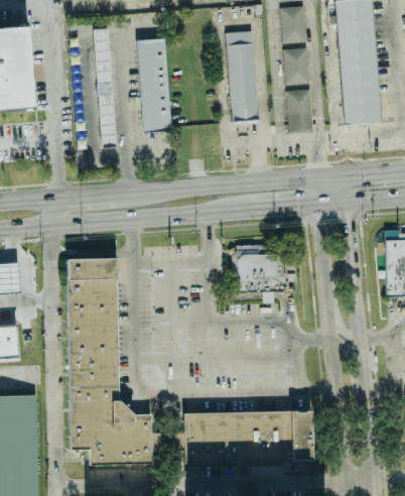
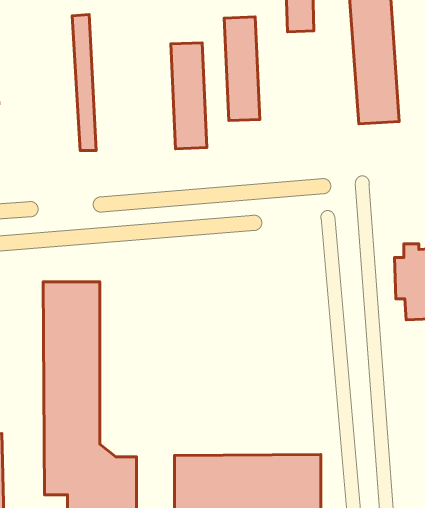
building: [139,37,170,130] -> [171,43,207,149]
building: [284,46,309,83] -> none
building: [287,88,314,132] -> none
building: [236,250,295,301] -> none

